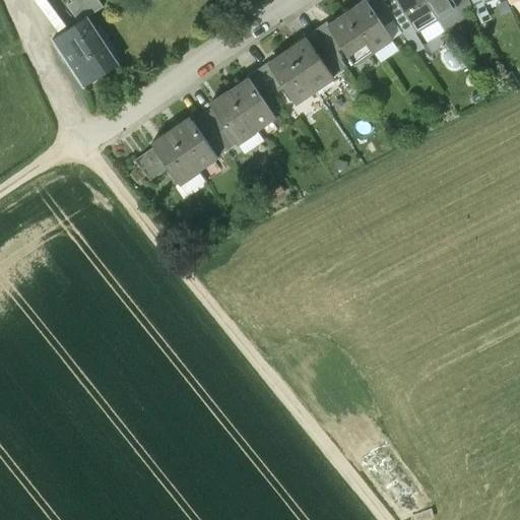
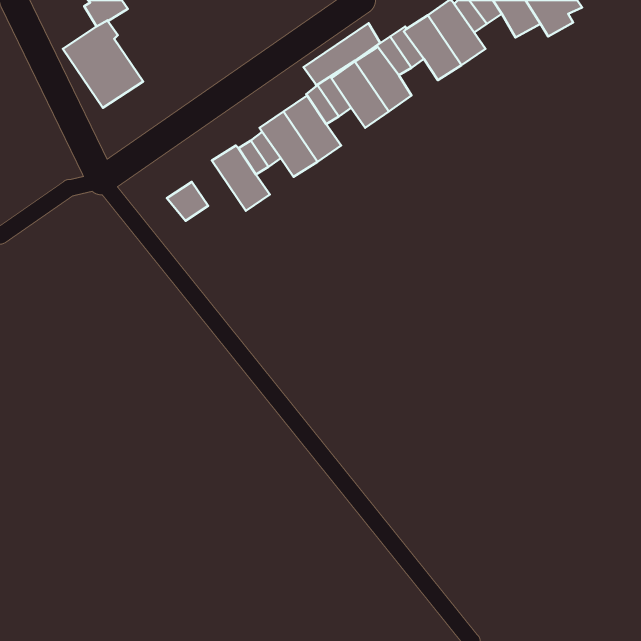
building: none -> [304,23,380,85]
building: [152,130,199,184] -> none

